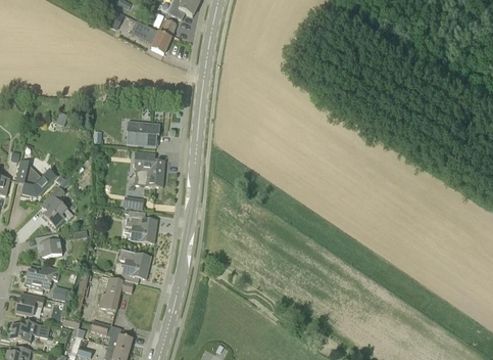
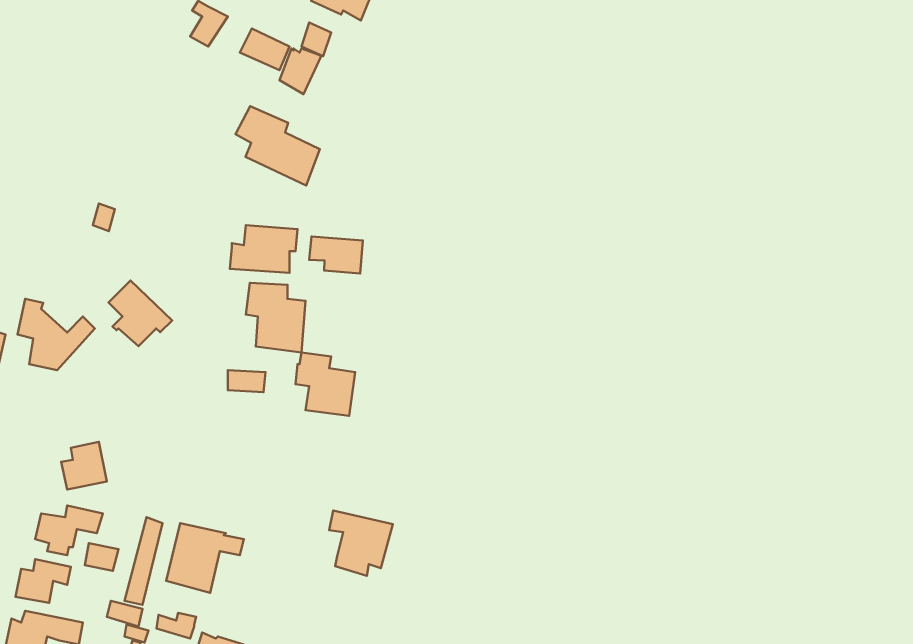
building: none -> [235,106,320,185]
building: none -> [309,236,363,274]
building: [40,193,72,227] -> [109,281,172,346]
building: [126,210,156,242] -> [295,352,355,416]
building: [118,250,151,283] -> [329,510,393,576]

